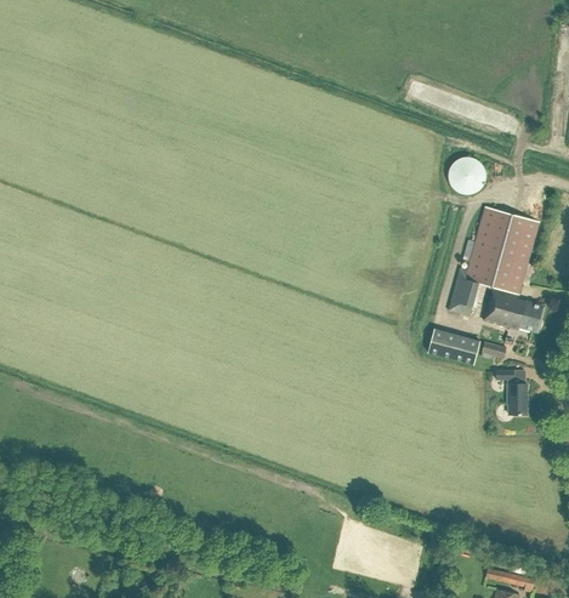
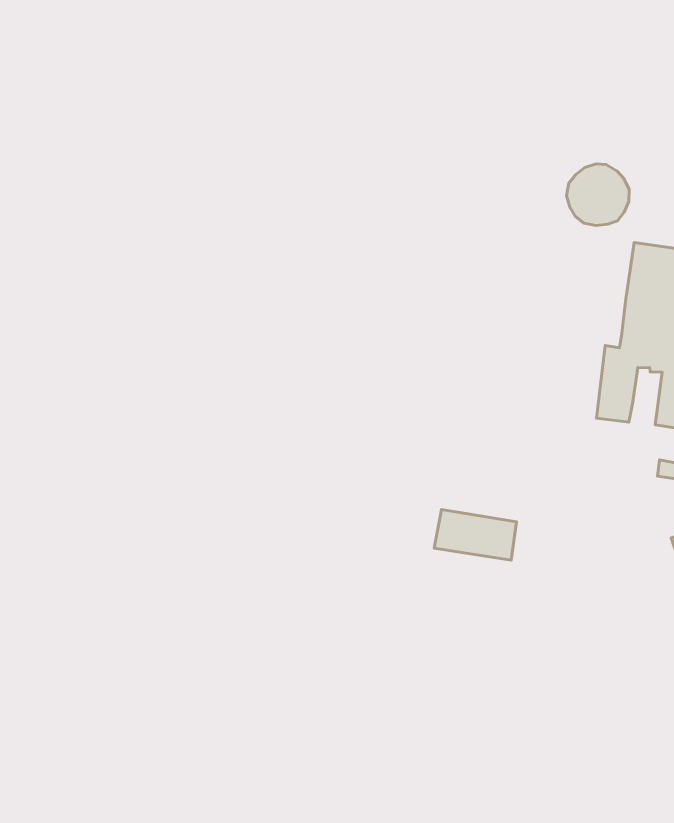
building: [428,329,480,365] -> [434,510,516,560]

